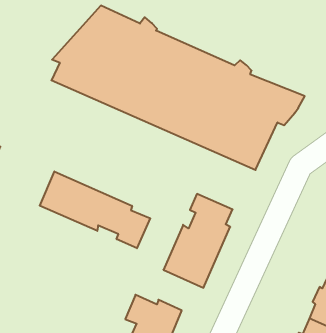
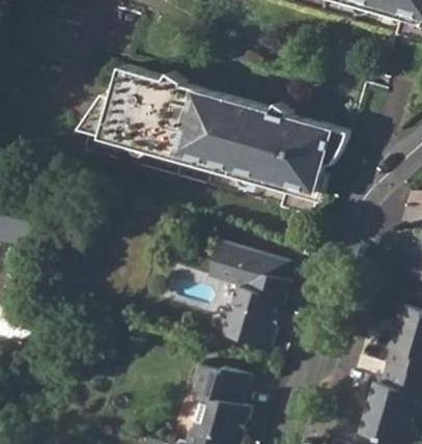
building: [40,171,150,248] -> none
building: none -> [212,240,251,285]

